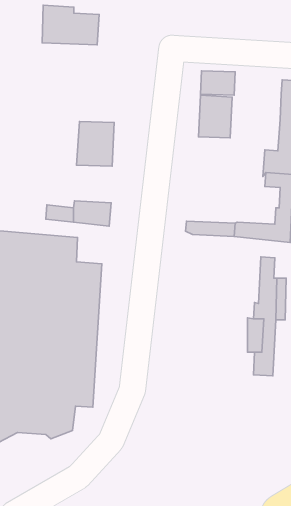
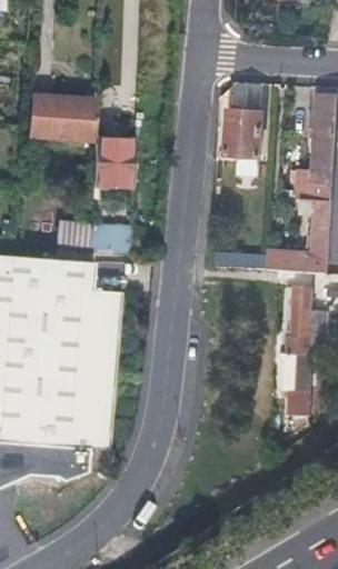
building: [42,5,99,45] -> [32,97,95,140]

